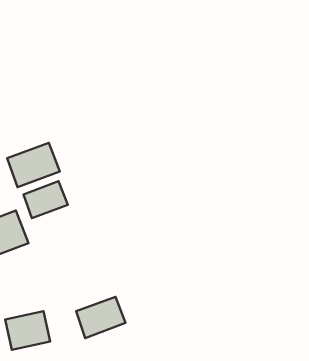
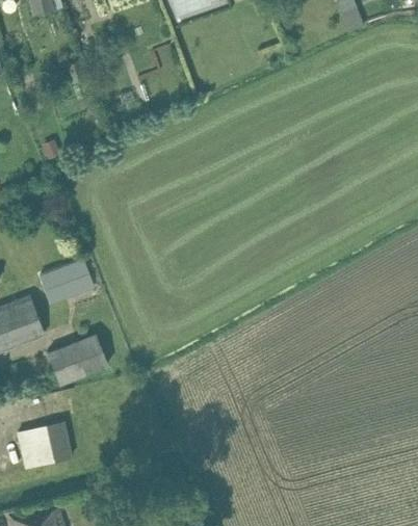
building: [7,143,60,187] -> none
building: [76,297,125,338] -> [47,334,108,385]

